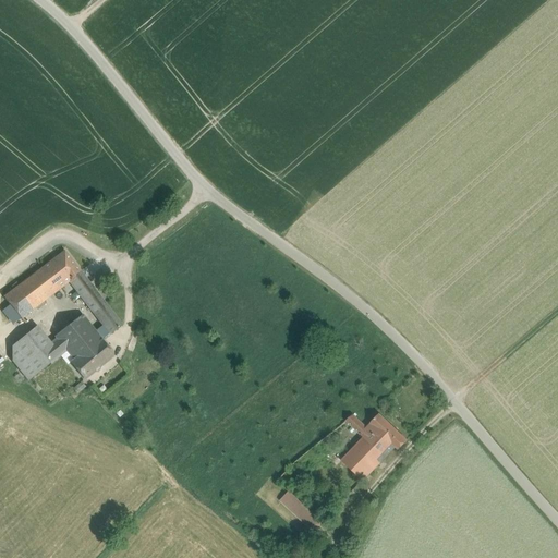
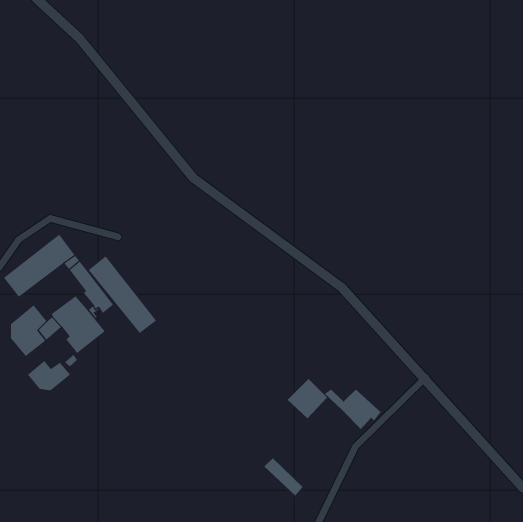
building: none -> [87,255,157,334]
building: none -> [27,360,71,391]
building: [340,436,384,480] -> [287,378,328,419]

